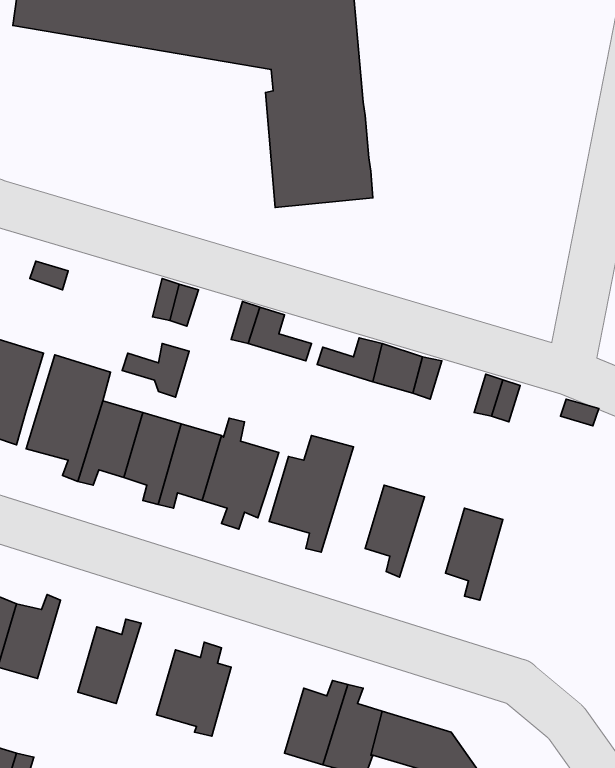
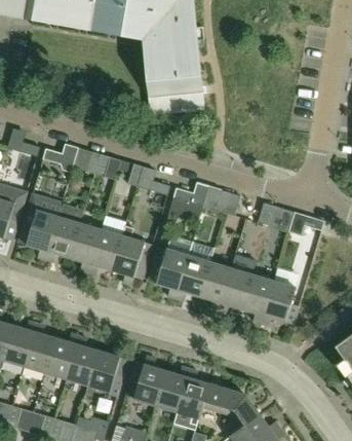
building: [122,344,189,397] -> [43,144,79,173]
building: none -> [175,242,213,301]
building: none -> [218,268,252,314]
building: none -> [261,281,299,326]
building: none -> [24,324,55,373]
building: none -> [66,336,97,385]
building: none -> [126,356,166,406]

